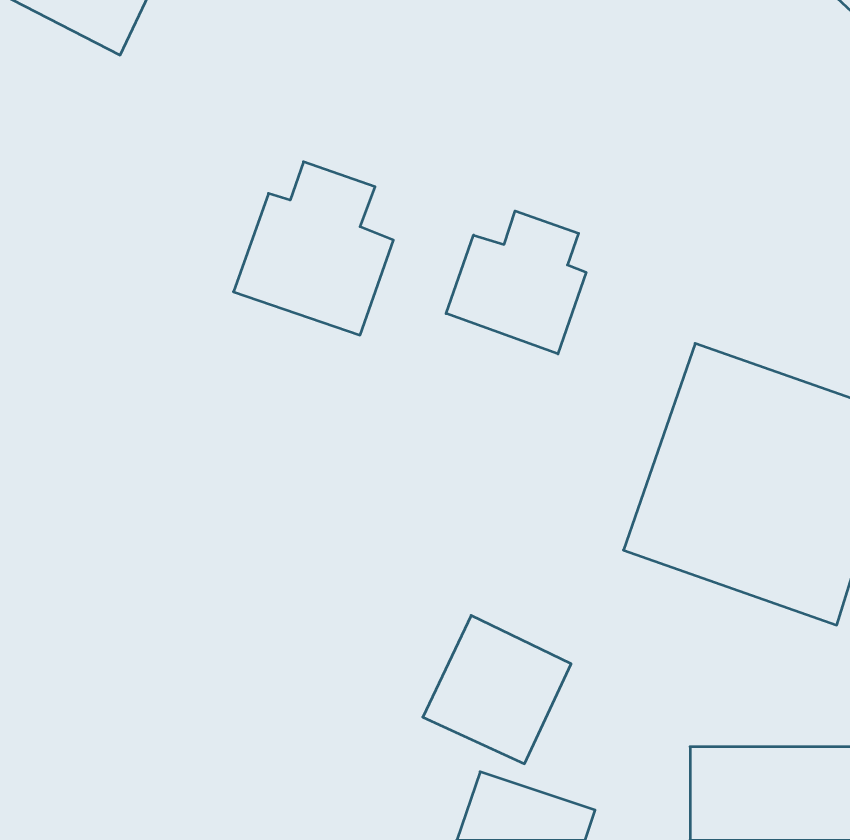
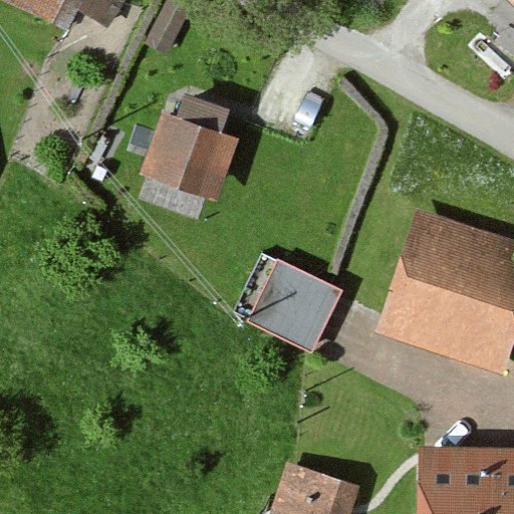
building: [446,211,586,354] -> none
building: [423,615,571,764] -> [250,264,339,353]

